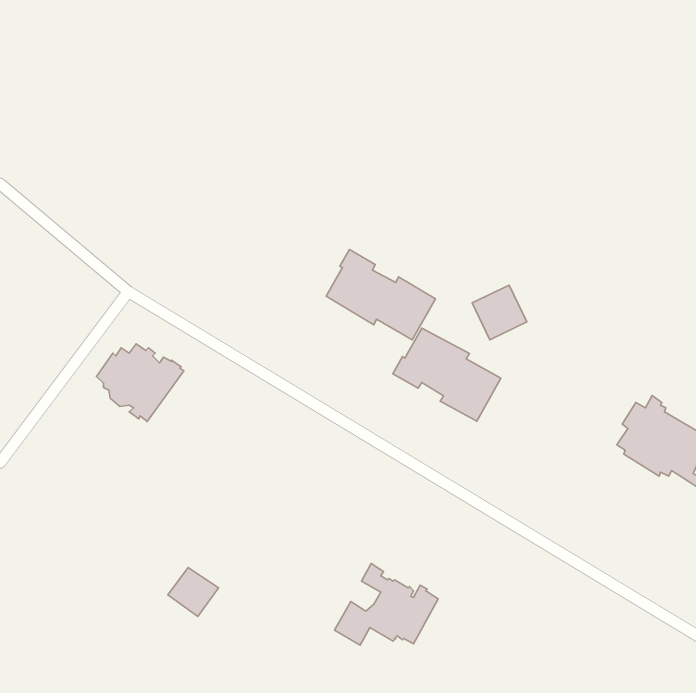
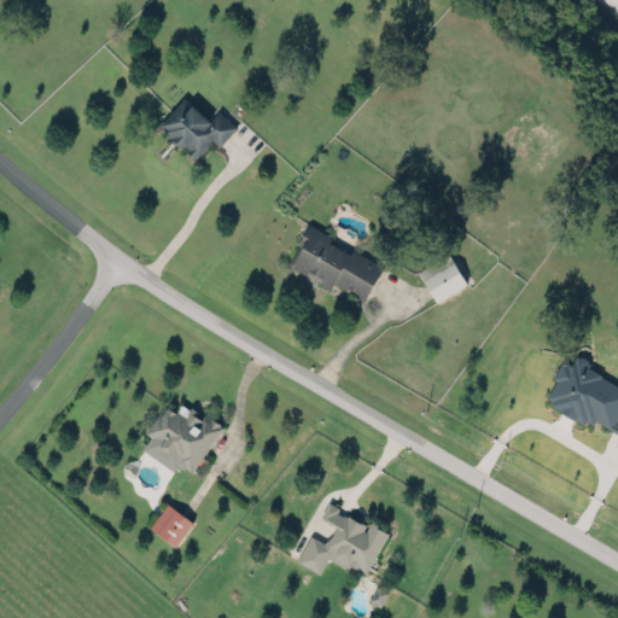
building: none -> [158,99,238,162]
building: [393,328,501,421] -> none
building: [97,344,184,421] -> [147,403,225,472]

